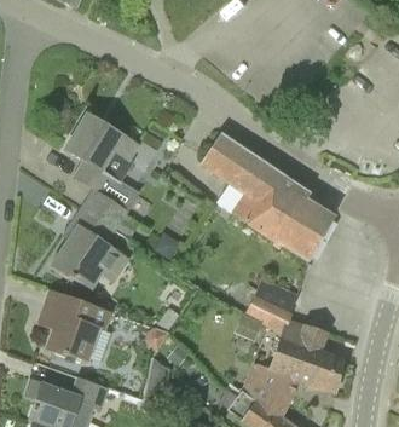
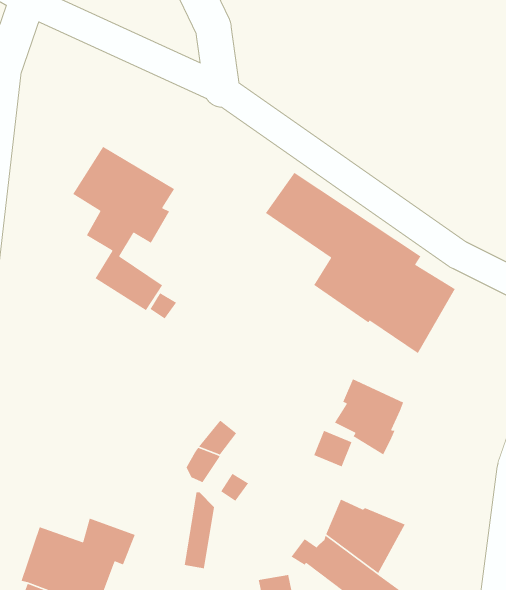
building: [51,207,129,288] -> none
building: [44,288,114,360] -> none
building: [271,319,342,392] -> none

